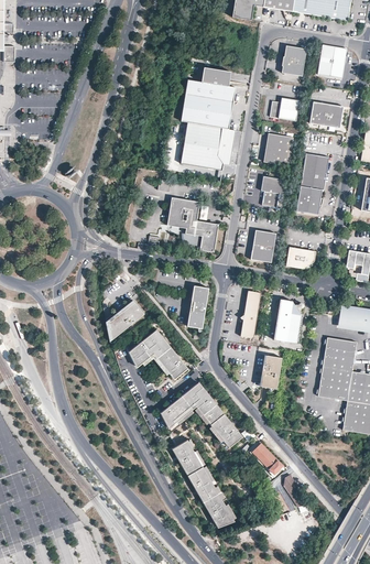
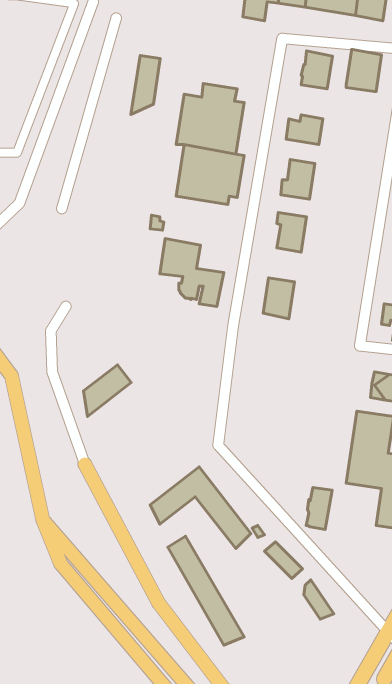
building: none -> [131,56,160,114]
building: [308,101,342,128] -> none
building: [295,153,328,214] -> none
building: [285,247,315,269] -> none
building: [185,288,207,330] -> none
building: [240,291,260,337] -> none
building: [273,299,303,344] -> none
building: [127,328,185,379] -> none
building: [261,355,282,389] -> [306,487,332,530]

